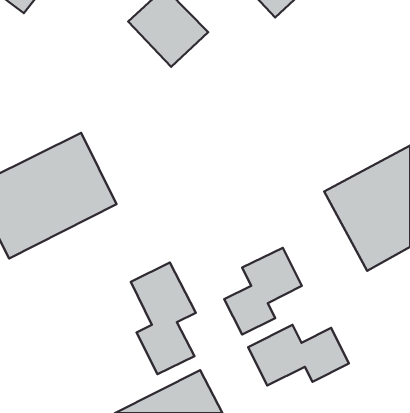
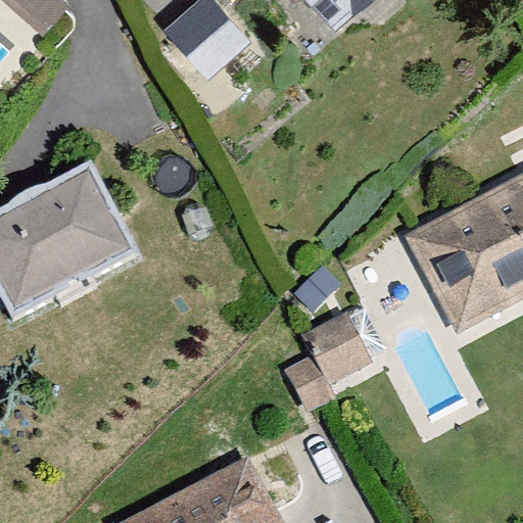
building: [131,262,196,374] -> none
building: [248,325,349,385] -> none

